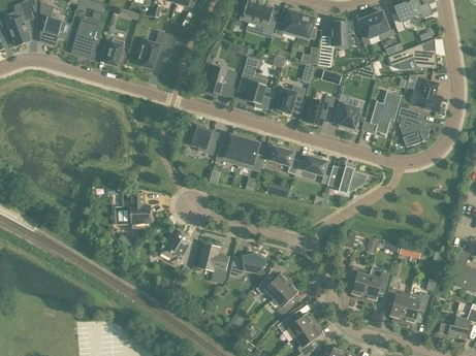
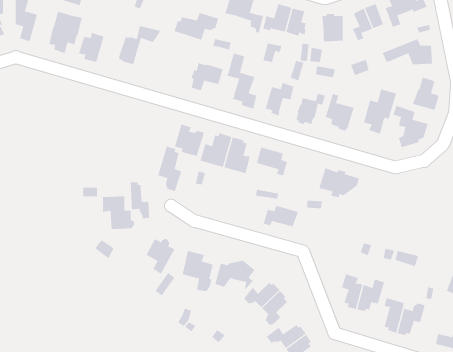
building: none -> [174,12,219,40]
building: none -> [158,146,182,192]
building: [294,155,328,175] -> [263,205,299,227]
building: none -> [130,181,150,219]

